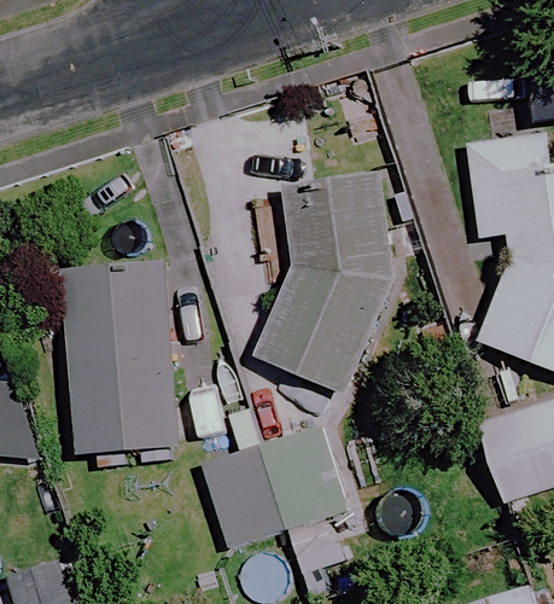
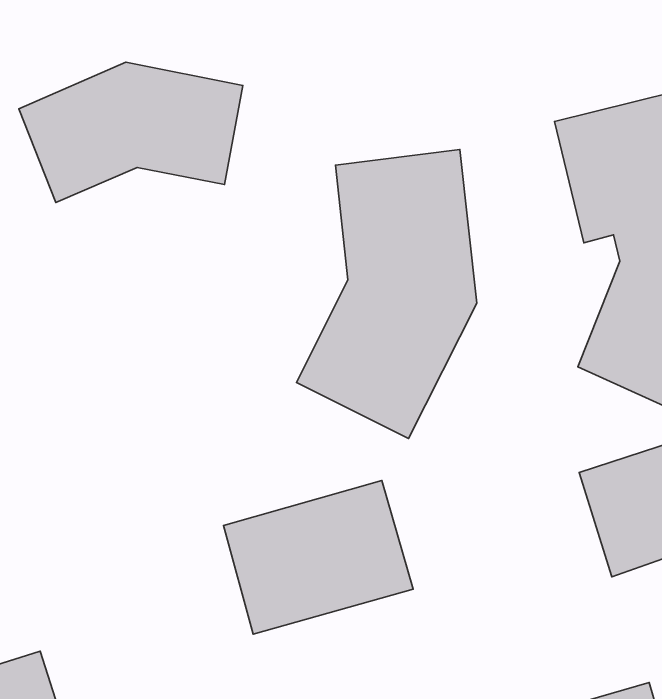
building: none -> [19,62,243,202]
building: [57,261,187,455] -> none

